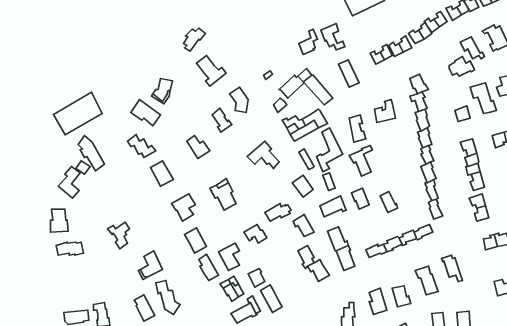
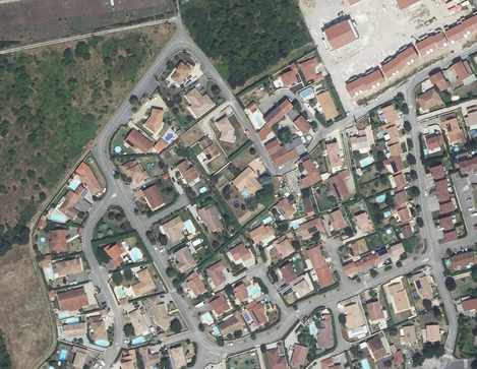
building: [53,92,102,135] -> none
building: none -> [56,288,86,310]

